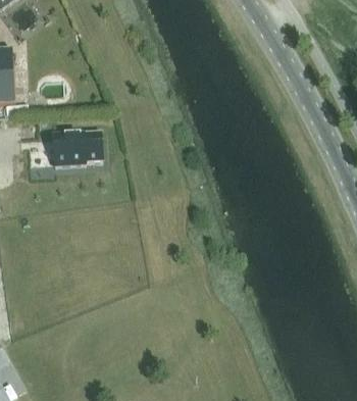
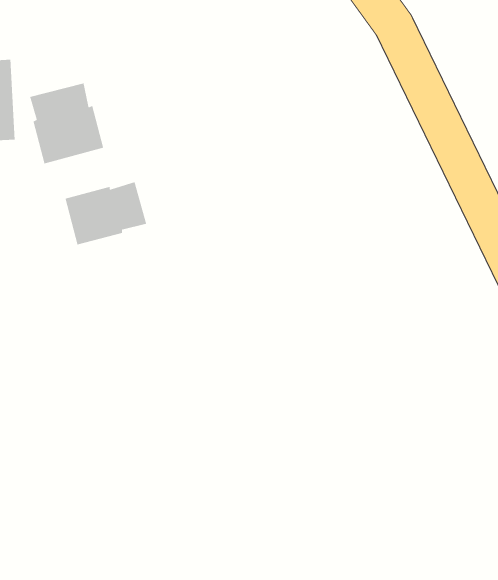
building: none -> [29,83,104,165]

